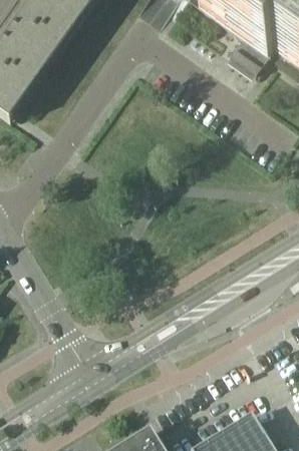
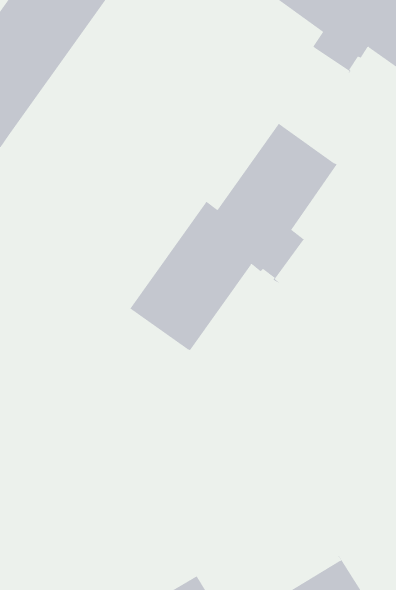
building: none -> [130,123,338,351]

